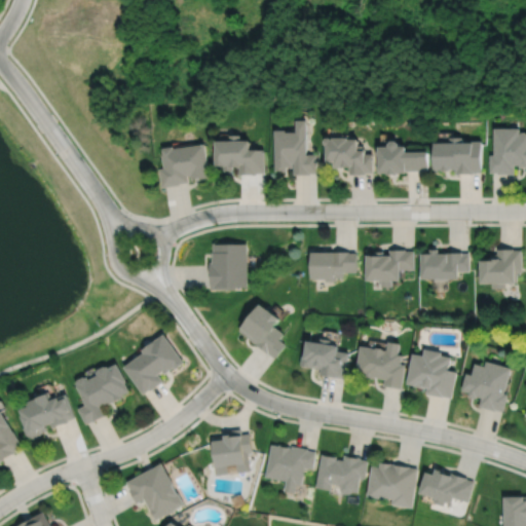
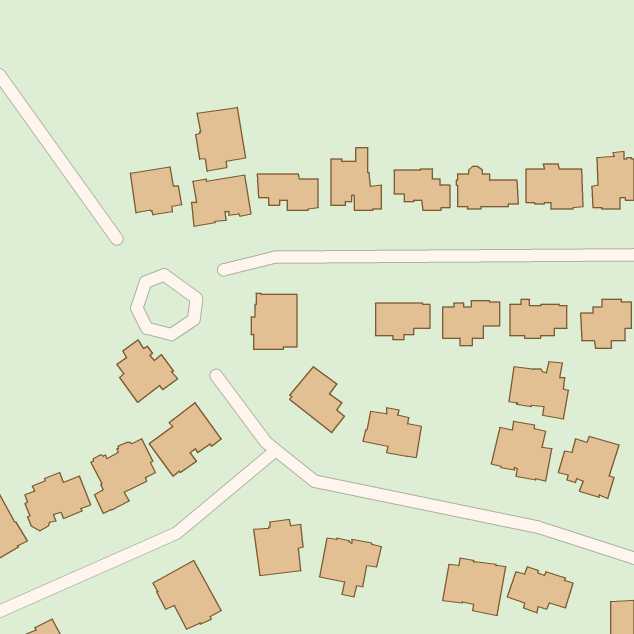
building: none -> [196,107,245,171]
building: none -> [130,167,181,215]
building: none -> [117,340,178,402]
building: [355,342,405,389] -> [509,362,569,419]
building: [315,455,367,495] -> none

